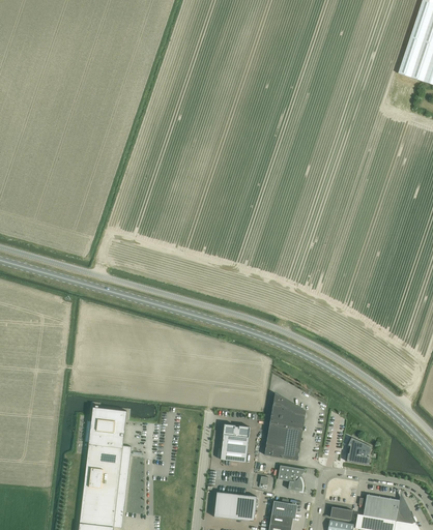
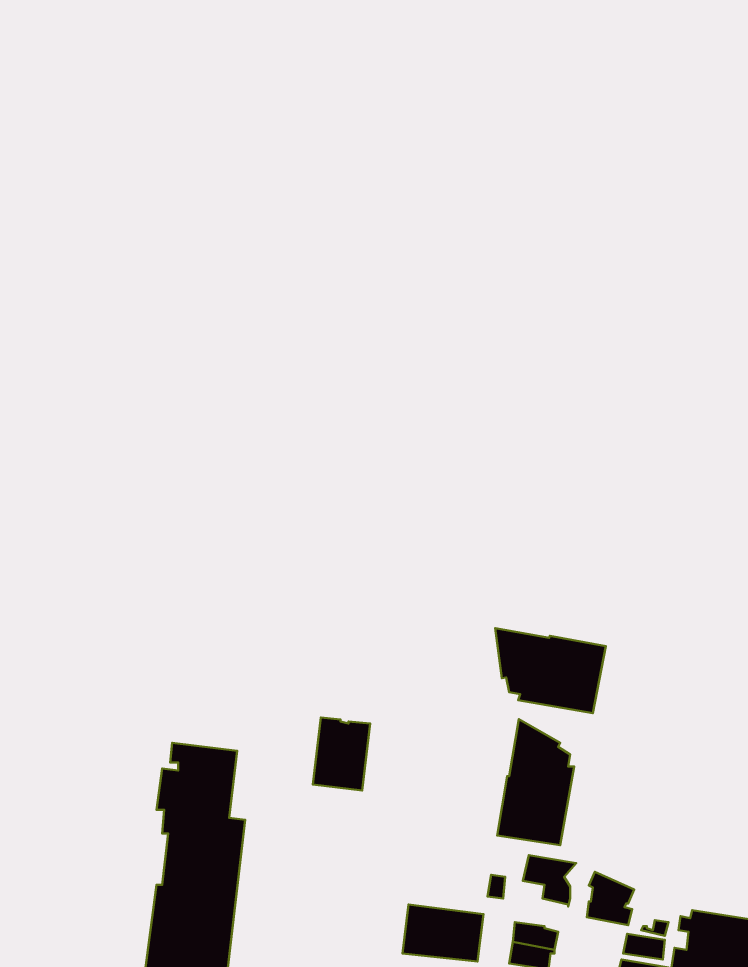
building: none -> [495,628,606,713]
building: [221,423,251,462] -> [313,717,370,790]
building: [347,437,372,465] -> [587,872,634,925]

